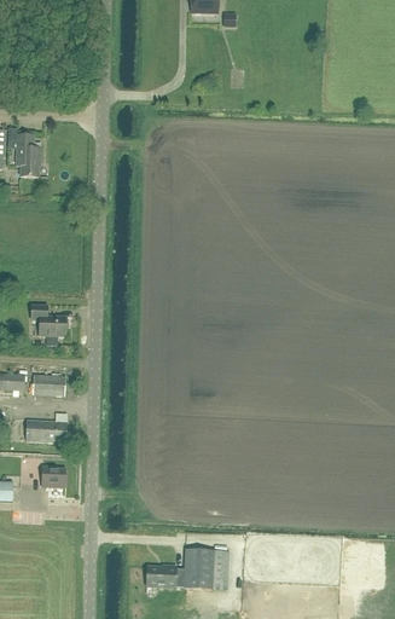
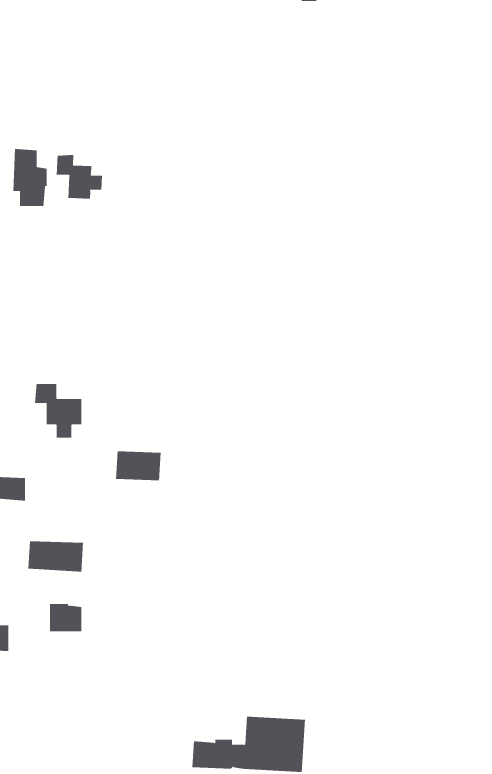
building: none -> [56,154,103,199]
building: [31,374,65,395] -> [115,451,162,481]

